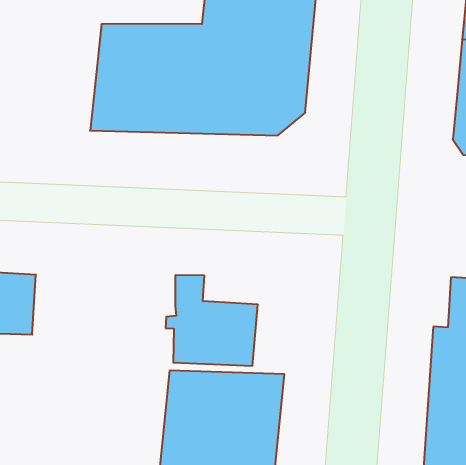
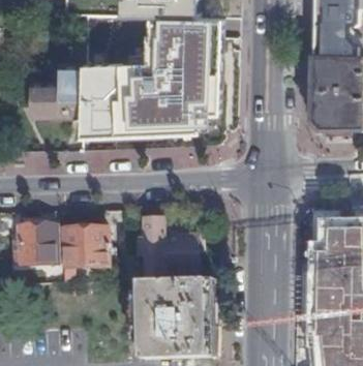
building: none -> [34,63,86,116]
building: none -> [64,227,108,267]

